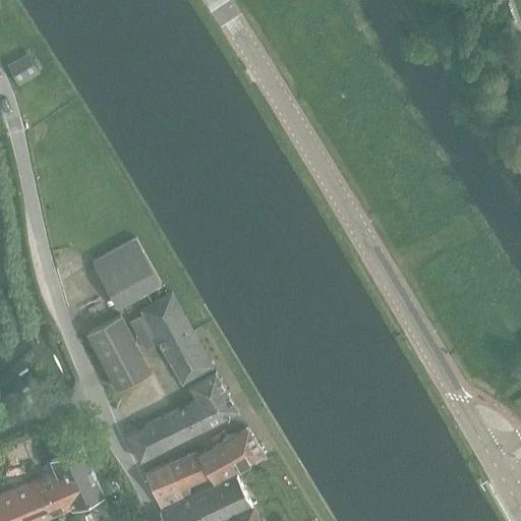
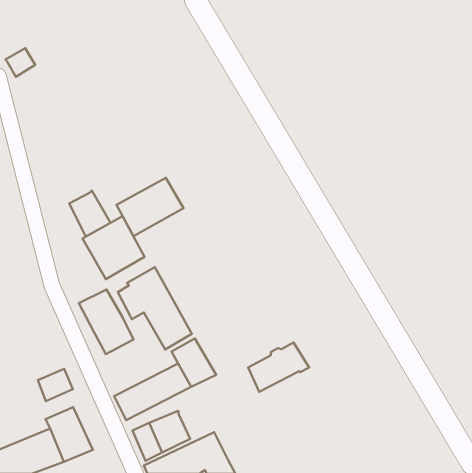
building: none -> [116,178,183,236]
building: none -> [69,190,110,236]
building: none -> [38,369,73,401]
building: [196,428,264,482] -> [248,343,309,392]

